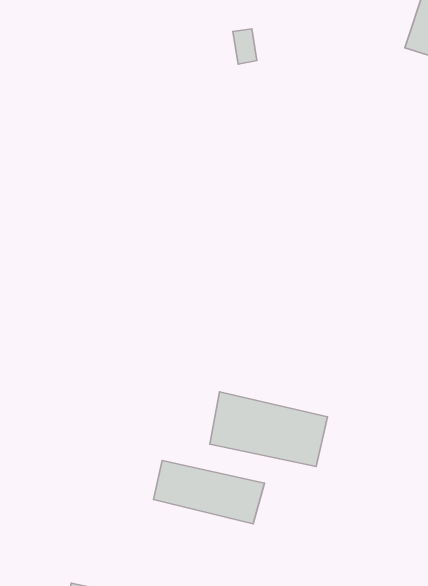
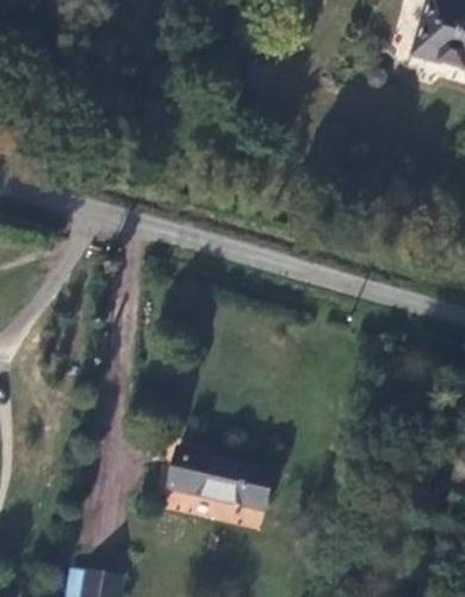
building: [210,392,327,466] -> none

